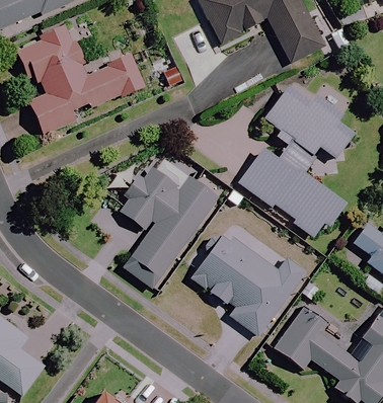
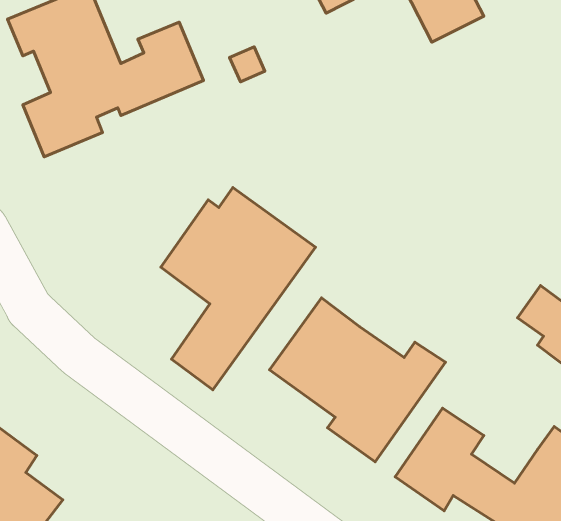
building: [238,85,355,237] -> none

